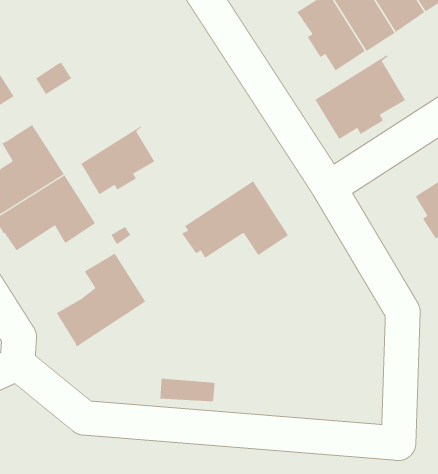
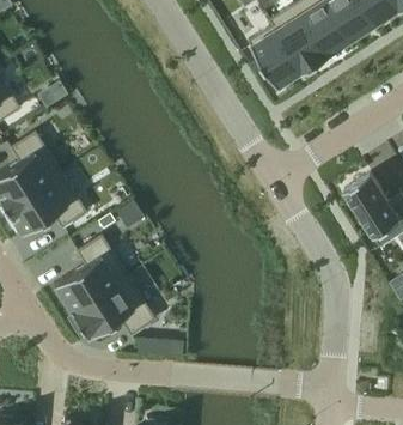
building: [314,54,406,140] -> none
building: [80,126,155,195] -> none
building: [181,180,289,259] -> [68,275,155,339]

